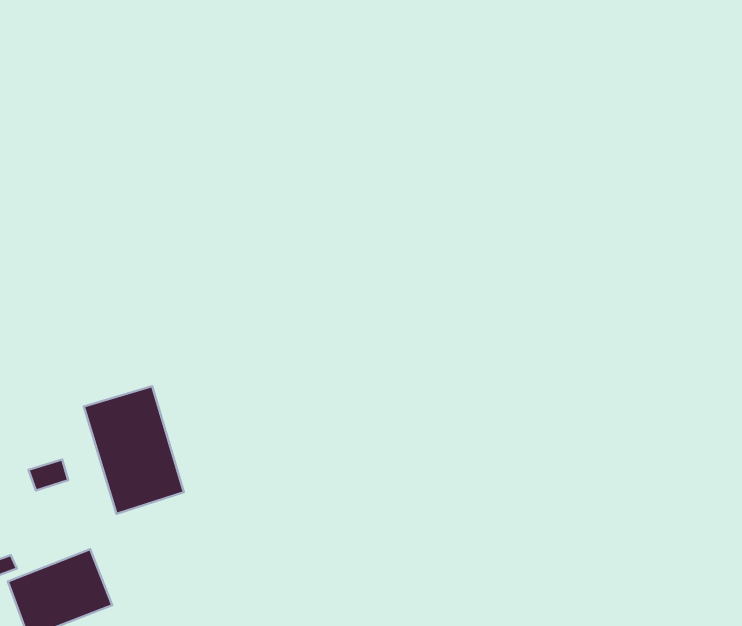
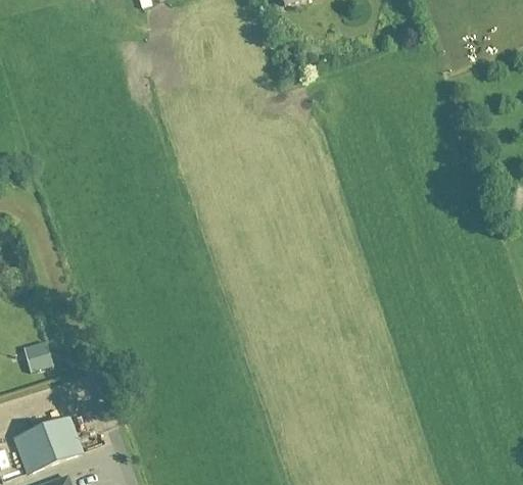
building: [84,386,184,514] -> none

